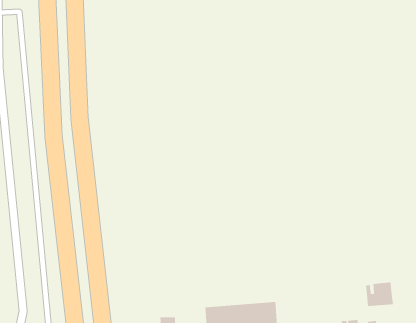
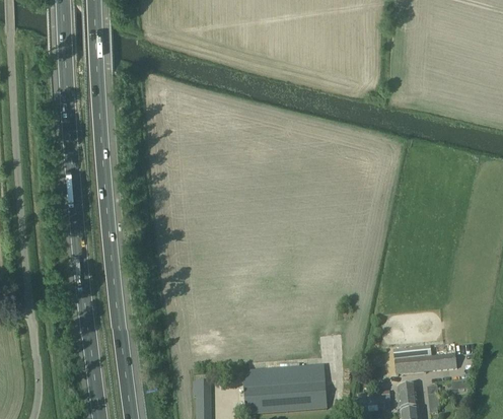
building: none -> [394,345,427,372]

